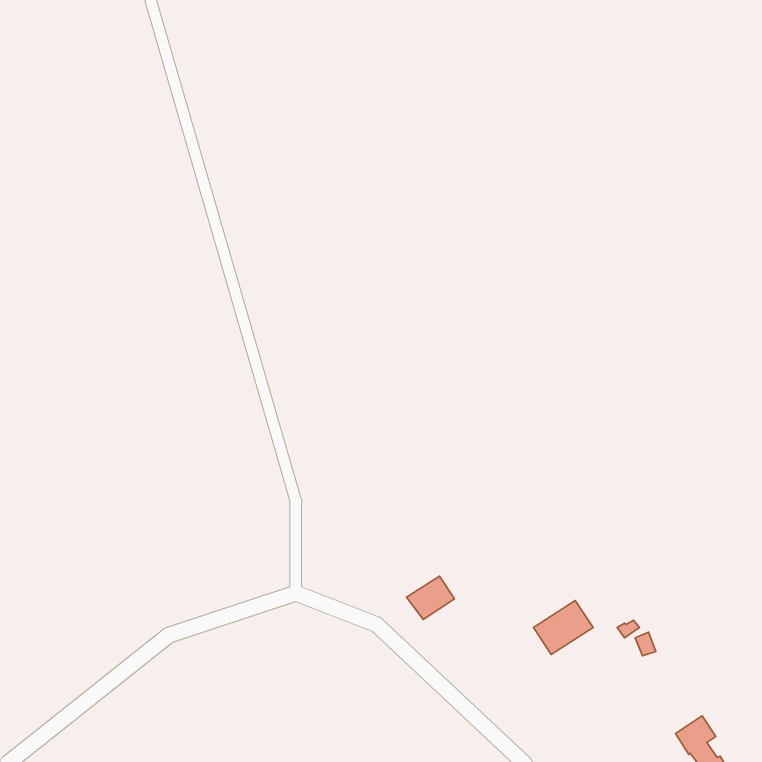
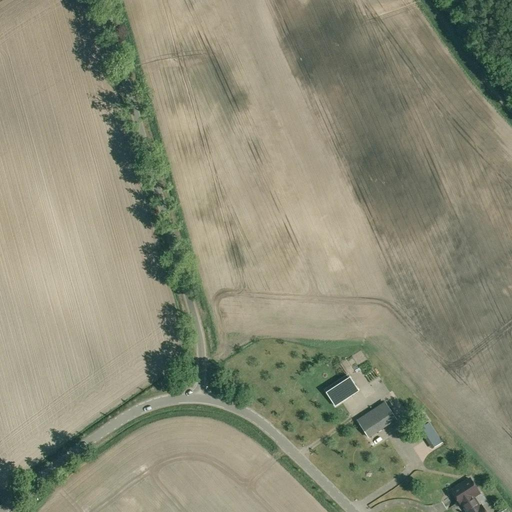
building: [407,576,454,620] -> [323,377,355,406]

